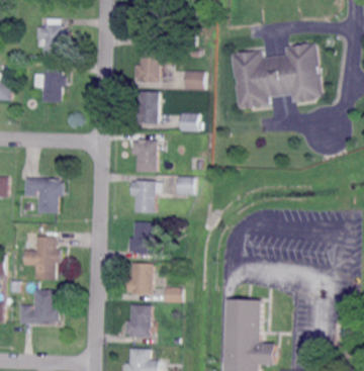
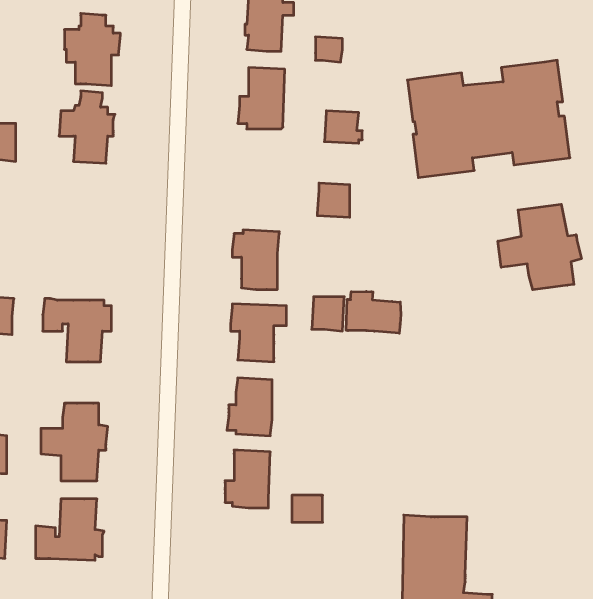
building: [133,90,159,123] -> none
building: none -> [498,204,581,290]
building: none -> [346,291,401,333]
building: [125,304,152,337] -> none

